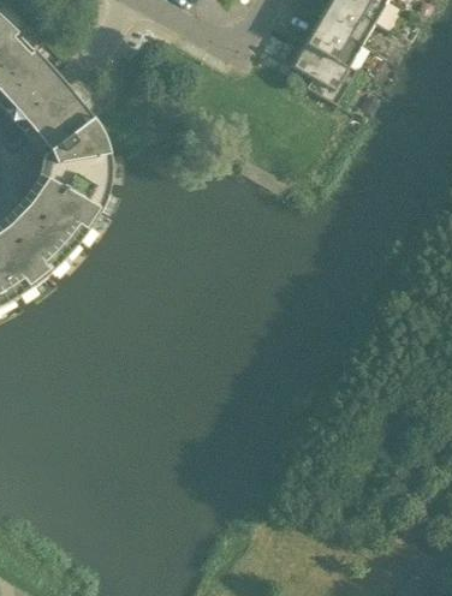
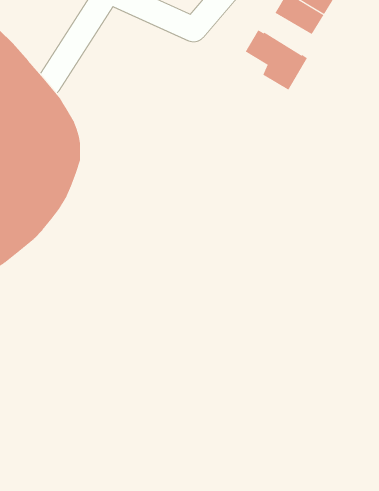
building: [313,14,365,60] -> none

